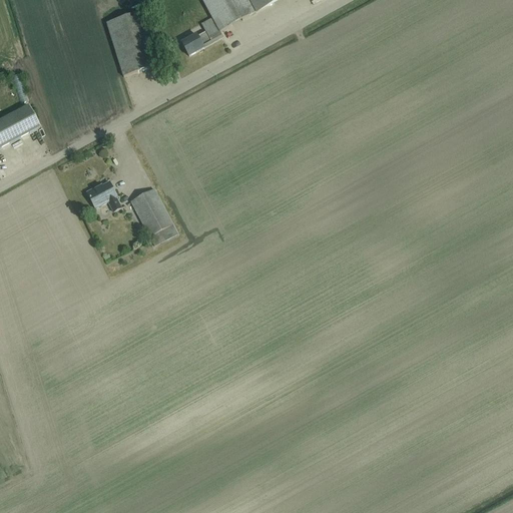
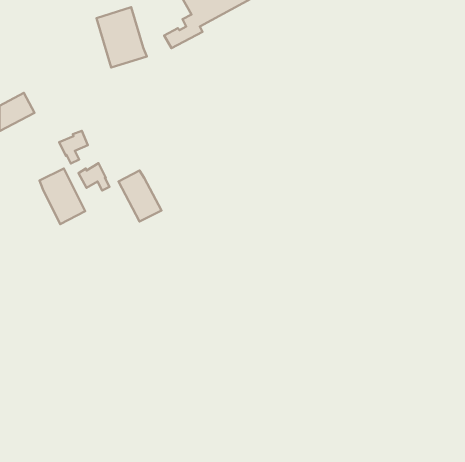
building: none -> [59,131,88,163]
building: none -> [39,168,85,224]

